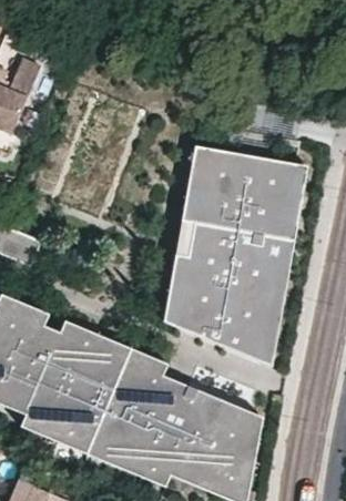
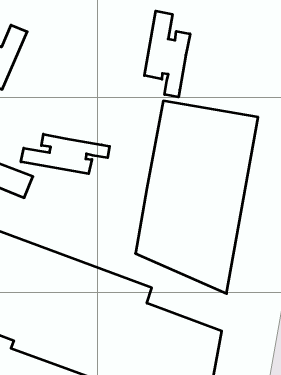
building: none -> [144,11,190,97]
building: none -> [21,134,110,174]

